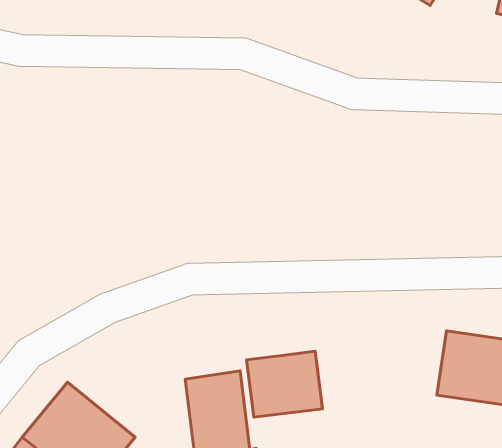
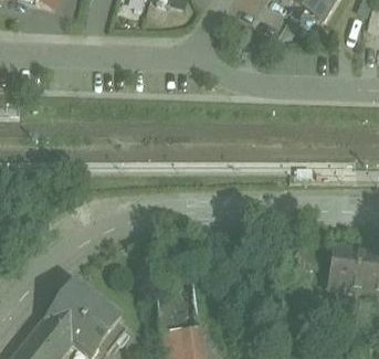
building: [246,351,323,417] -> none

